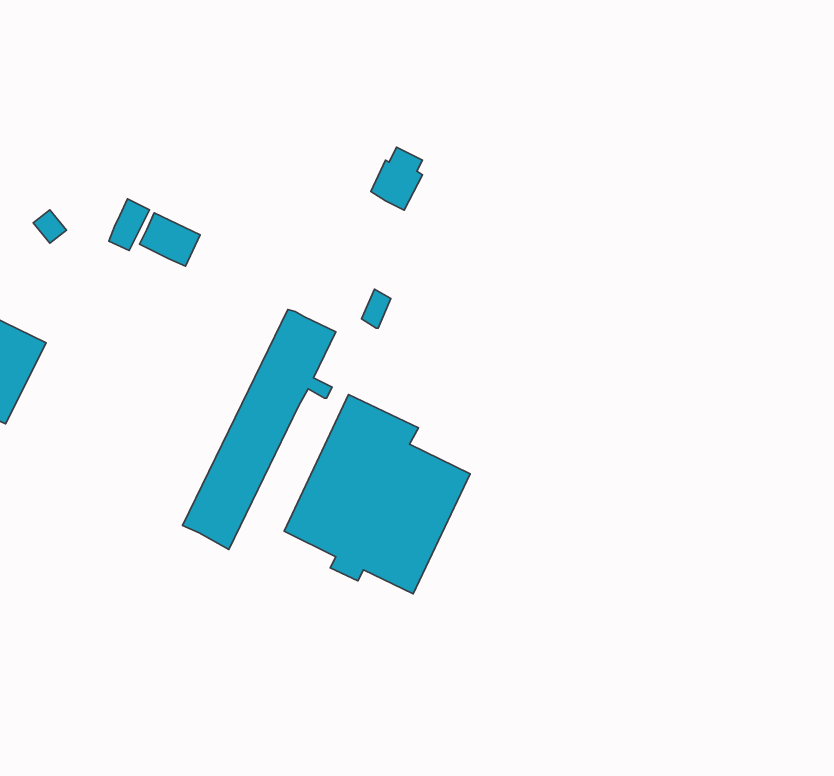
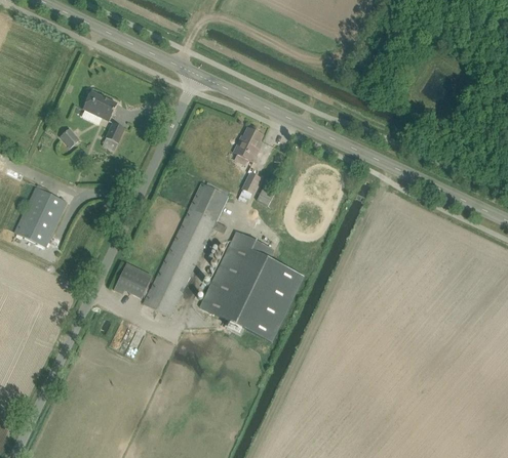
building: [371,147,422,210] -> [233,127,262,162]
building: [139,213,200,266] -> [82,91,116,121]
building: none -> [112,262,151,298]

